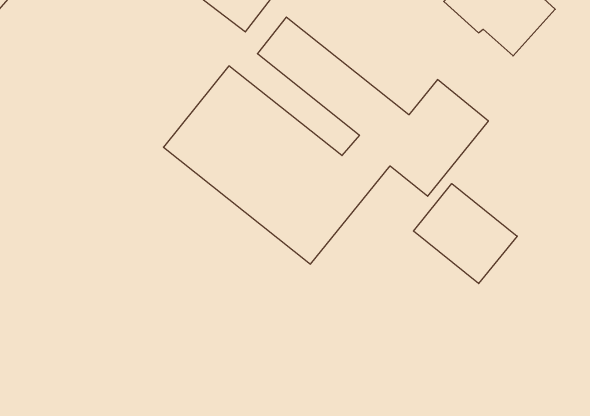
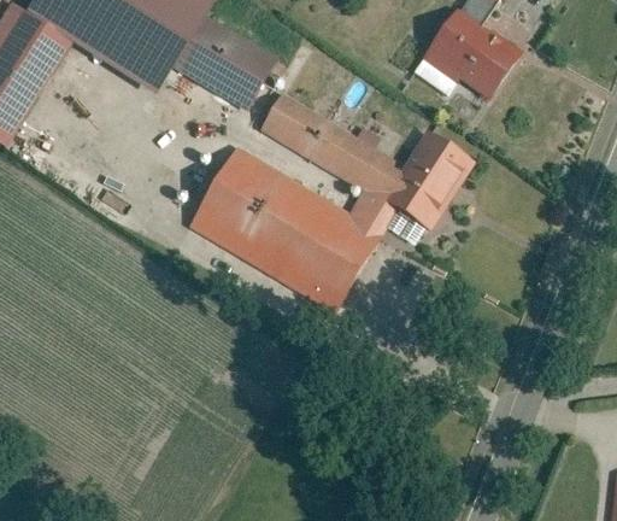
building: [413,184,517,284] -> none

